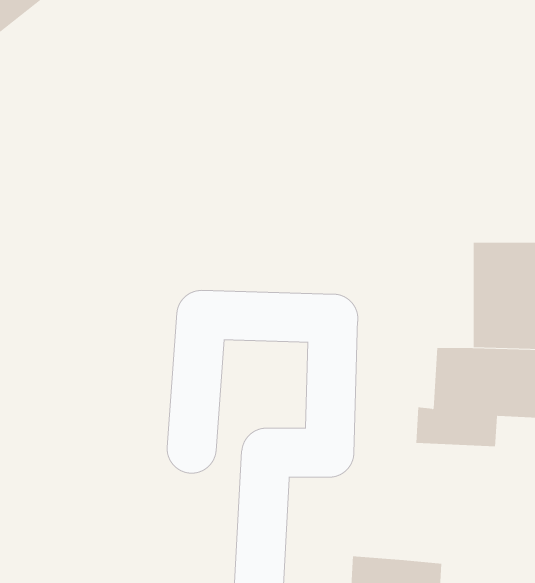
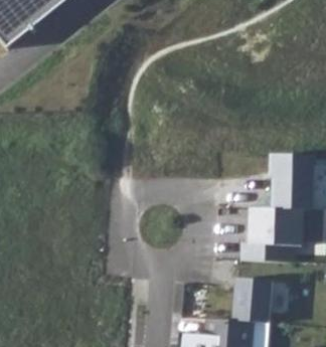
building: none -> [230,278,270,323]

